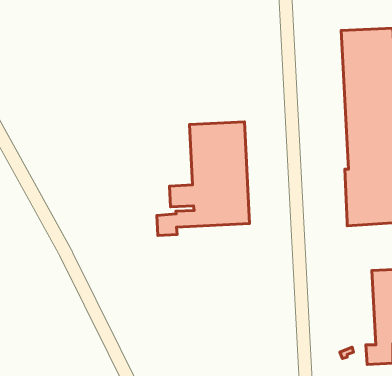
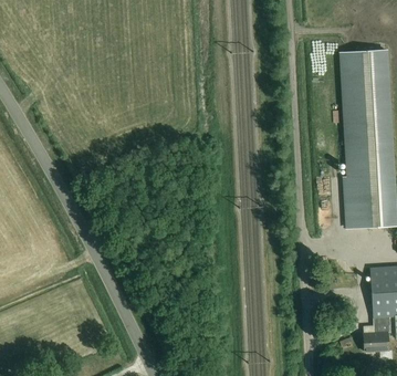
building: [157,122,250,235] -> none

